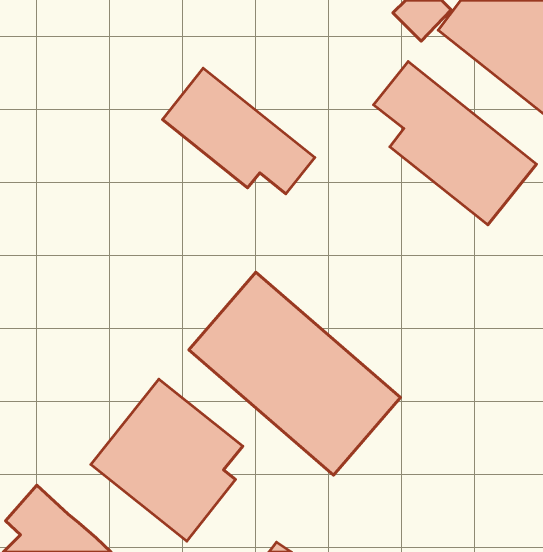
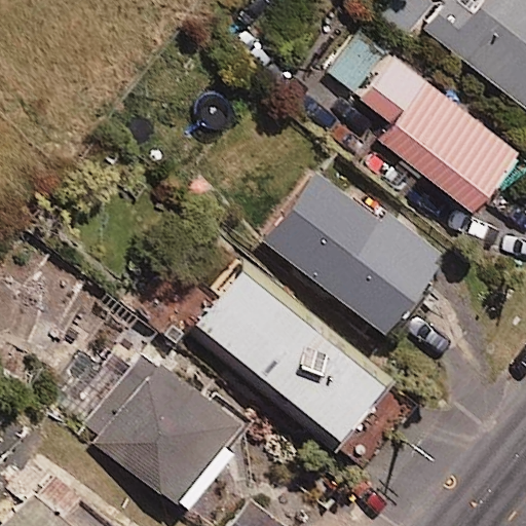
building: [163,68,315,194] -> none
building: none -> [267,175,445,335]

